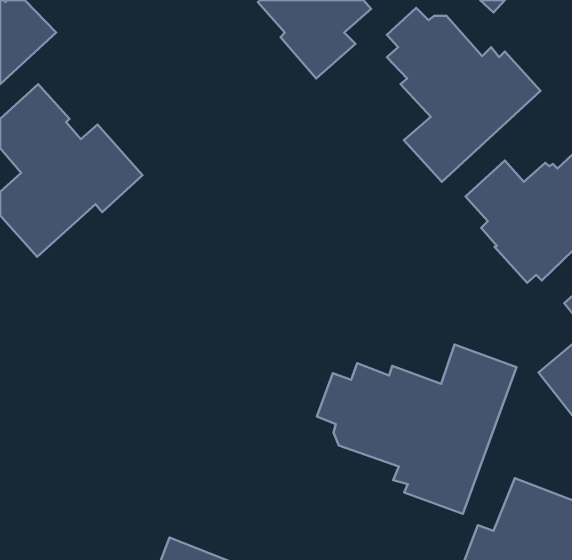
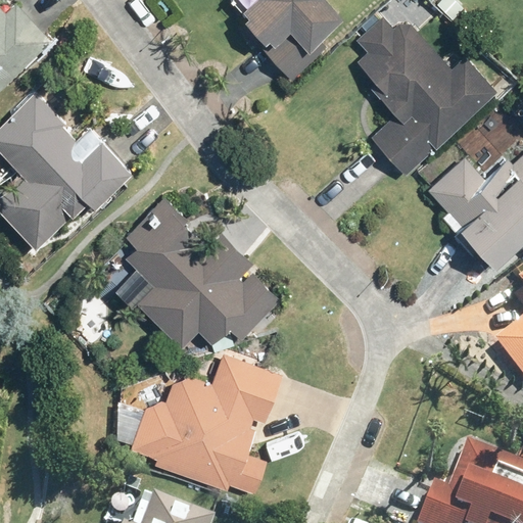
building: none -> [128,197,282,346]
building: [317,345,517,514] -> none
building: none -> [132,355,283,494]

